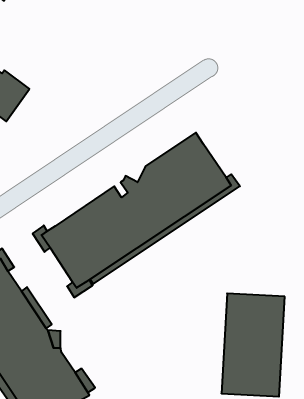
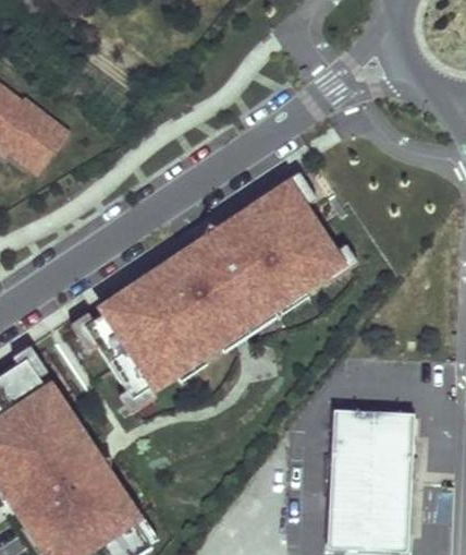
building: none -> [97,173,314,315]

